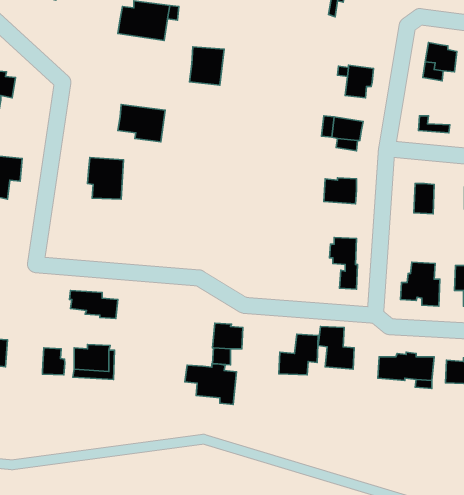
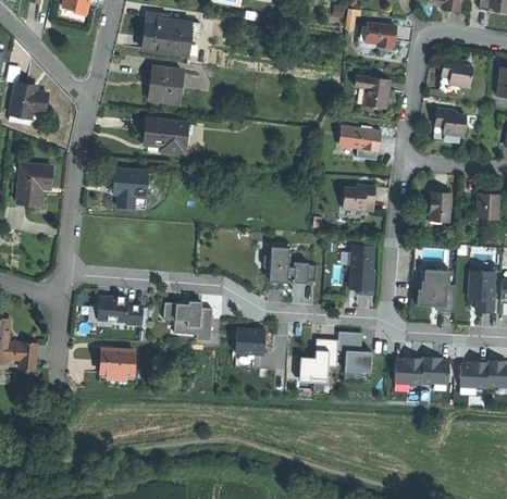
building: none -> [367,24,396,48]
building: [189,47,224,85] -> [149,65,183,102]
building: none -> [435,111,465,136]
building: none -> [263,241,317,286]
building: [42,348,65,375] -> none
building: [185,364,237,404] -> [163,300,213,339]

